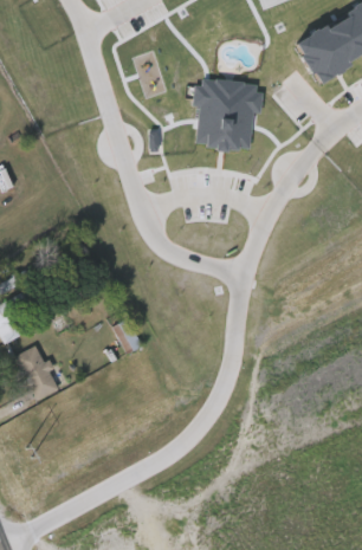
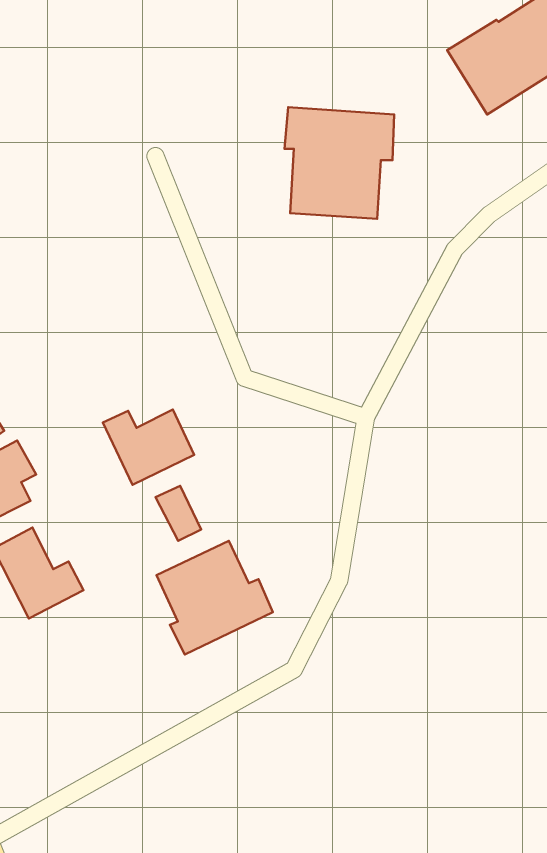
building: none -> [103,410,194,485]
building: none -> [156,541,273,654]

